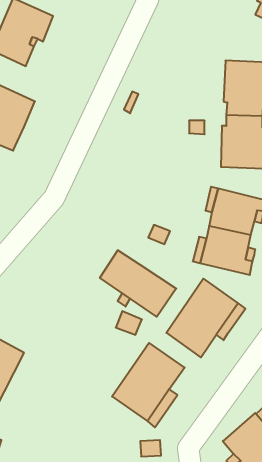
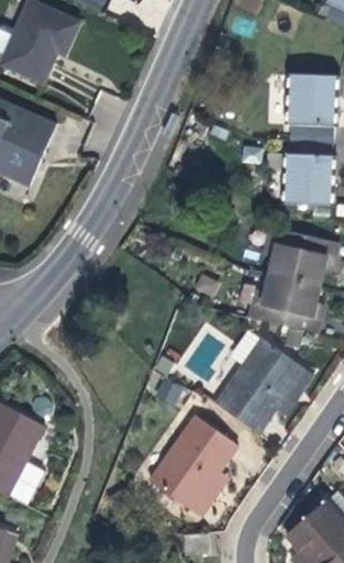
building: [100,250,176,317] -> none

